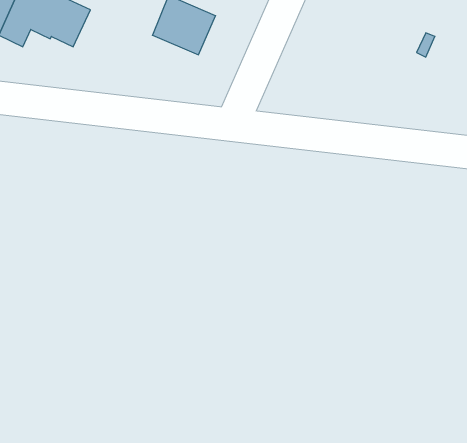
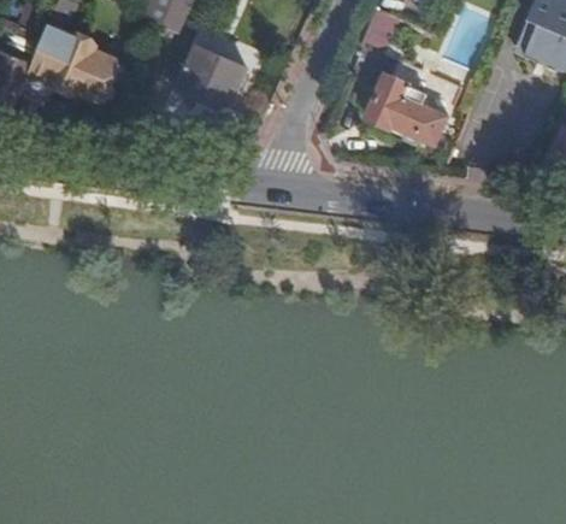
building: none -> [366,58,447,143]

